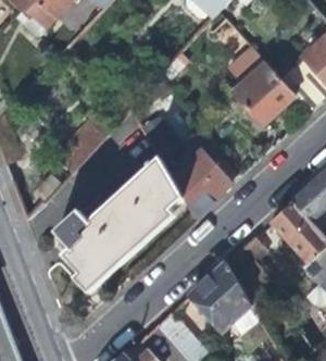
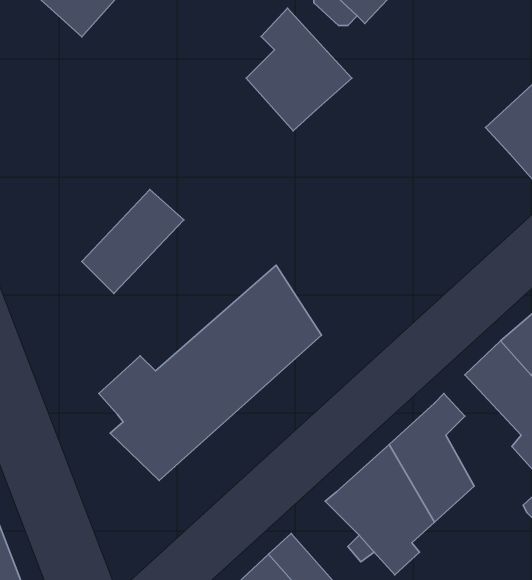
building: [234,55,294,126] -> [246,8,352,131]
building: [172,144,242,216] -> none

